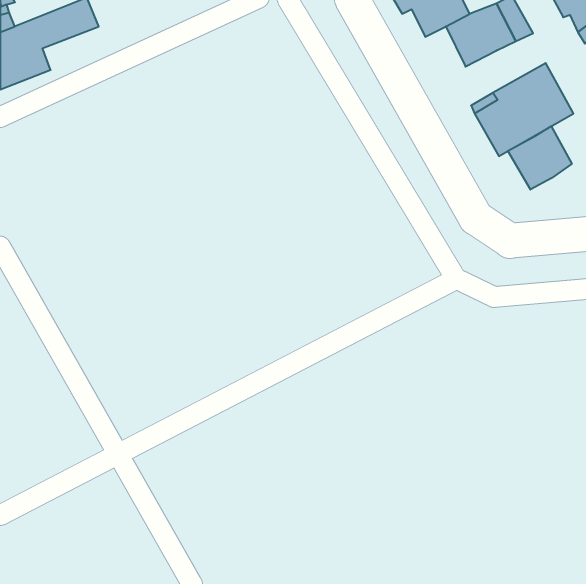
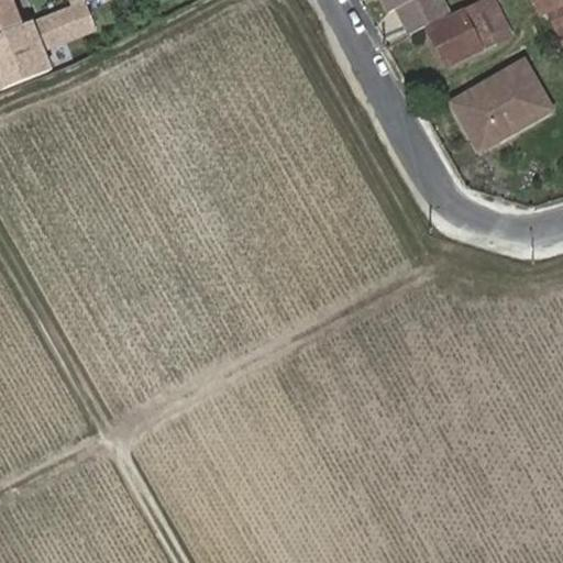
building: [508,126,572,190] -> none

